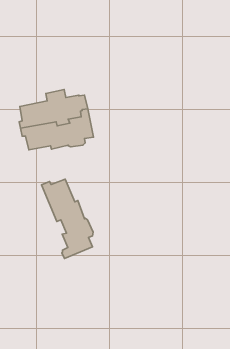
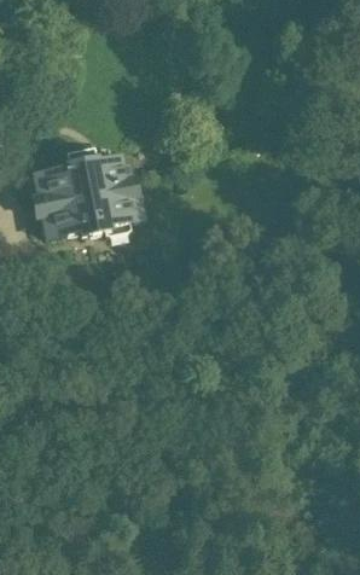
building: [41,179,93,258] -> none

